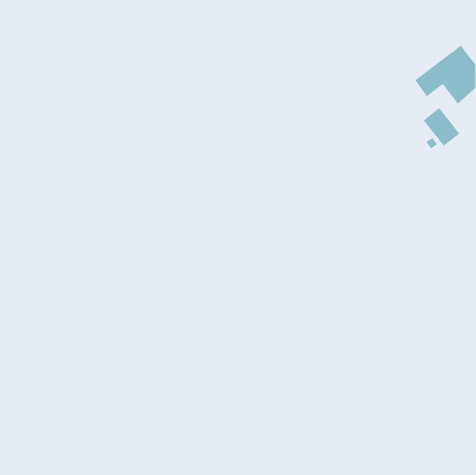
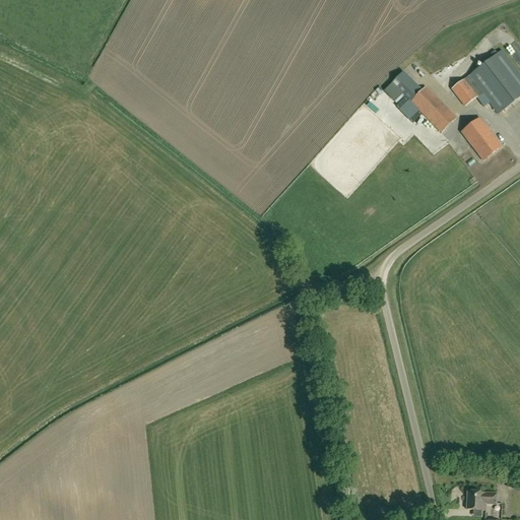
building: none -> [384,70,456,132]
building: none -> [465,491,497,509]

